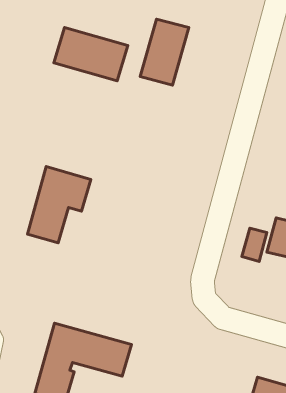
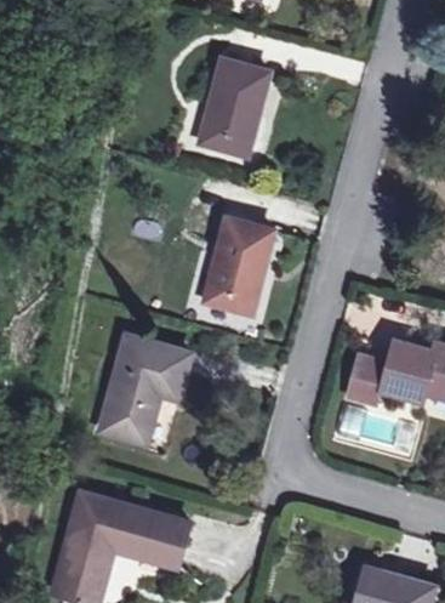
building: [54,27,128,81] -> none
building: none -> [205,218,272,312]
building: [27,166,91,243] -> [101,335,190,443]

